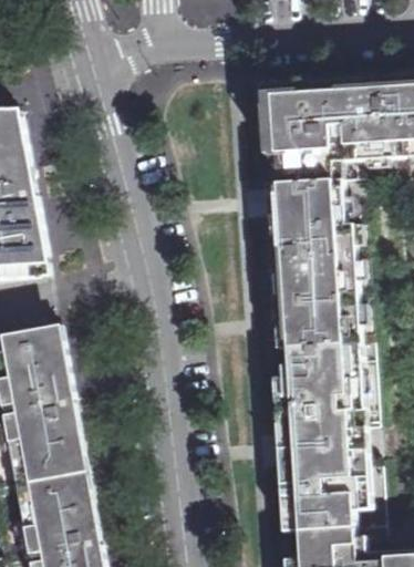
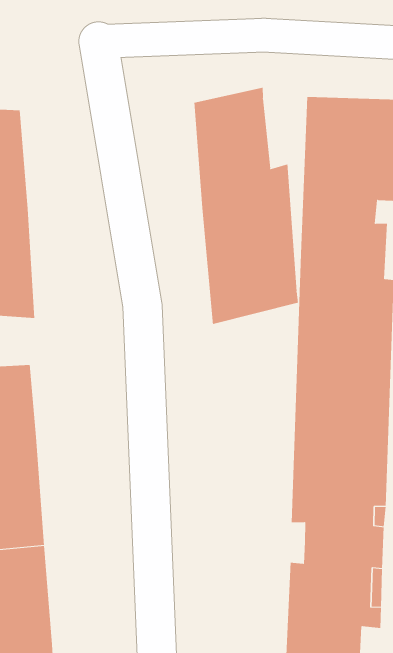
building: none -> [194,87,299,325]

